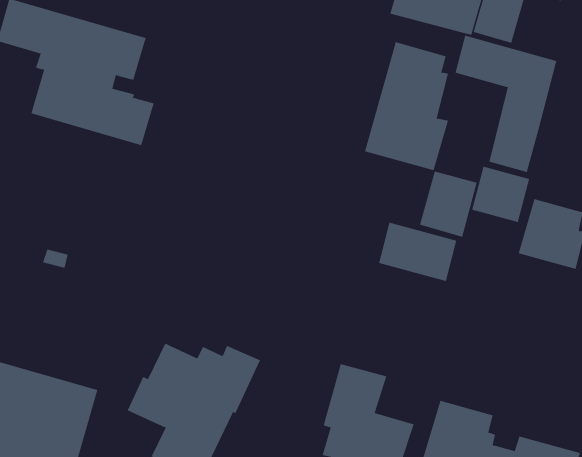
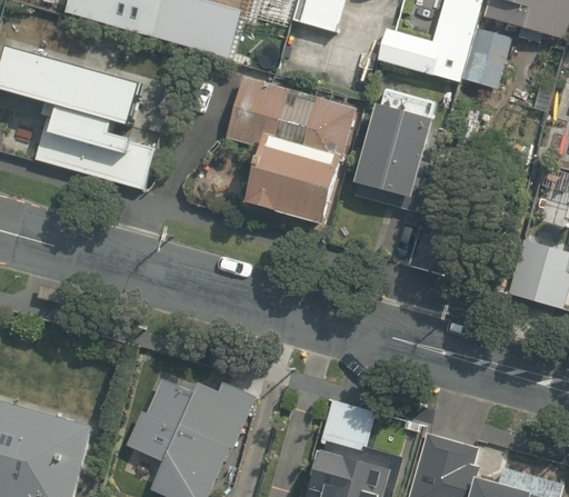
building: none -> [222,73,353,225]
building: [455,35,557,173] -> none
building: [472,166,530,223] -> none
building: [378,222,457,282] -> none

